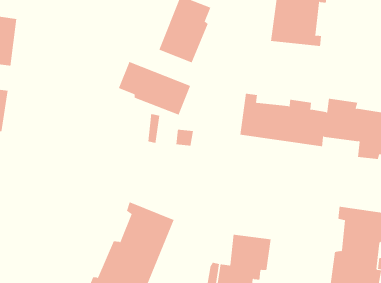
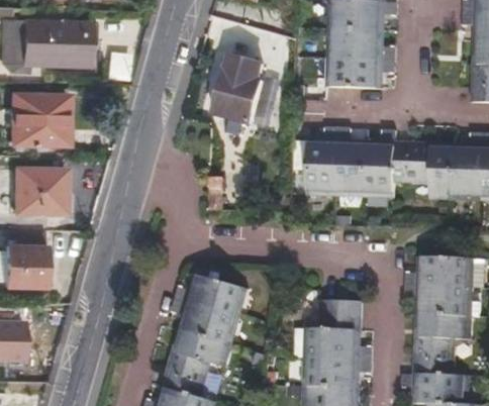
building: [118,61,191,115] -> none

